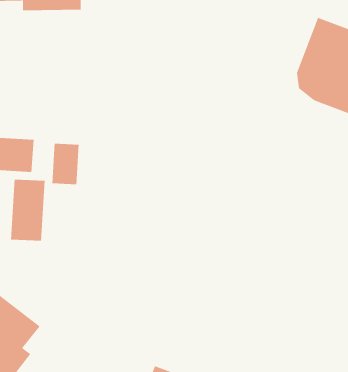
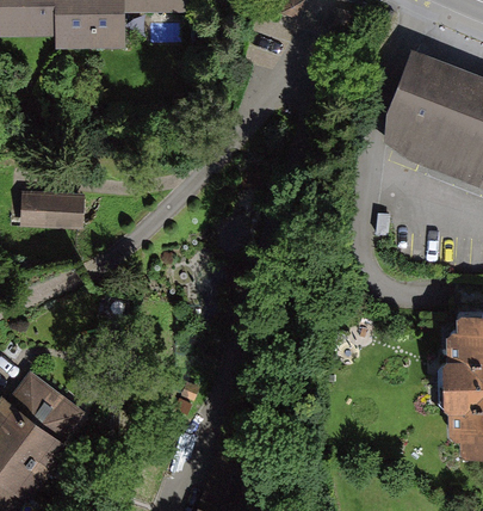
building: [52,143,79,185] -> none
building: [11,179,45,242] -> none

